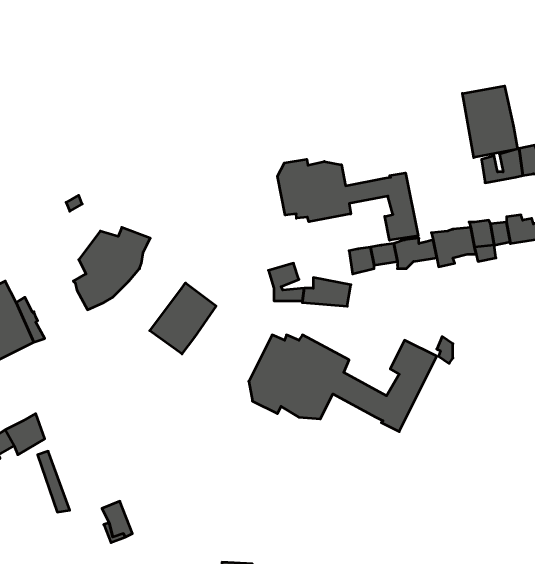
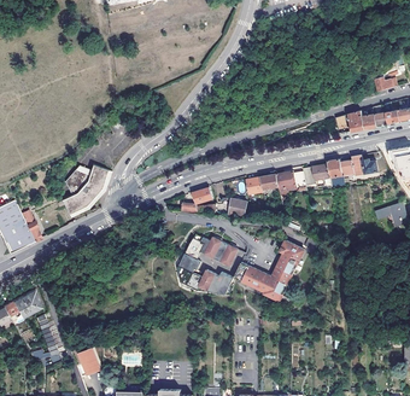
building: [462,86,517,158] -> none
building: [277,159,418,240] -> none
building: [150,283,216,354] -> none

